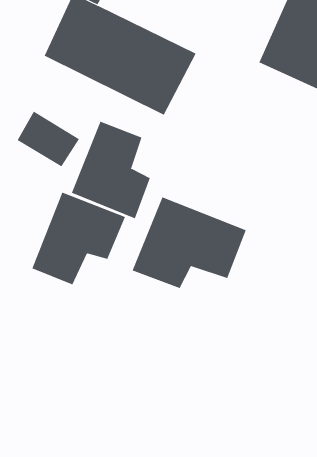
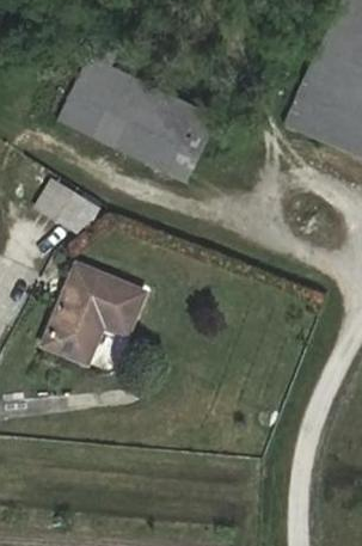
building: [71,121,150,219] -> none
building: [132,197,246,289] -> none

